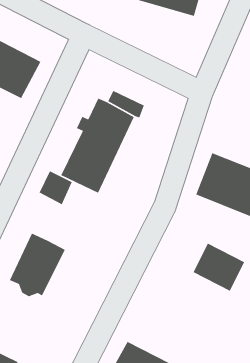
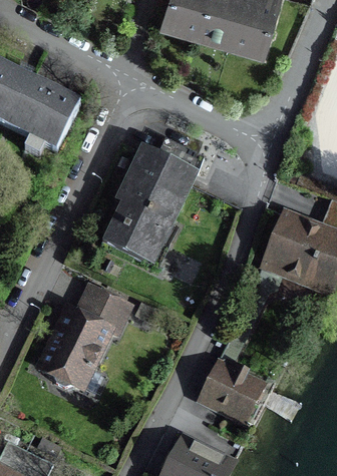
building: [39,170,73,205] -> [88,293,129,335]
building: [192,242,245,292] -> [200,364,263,423]

